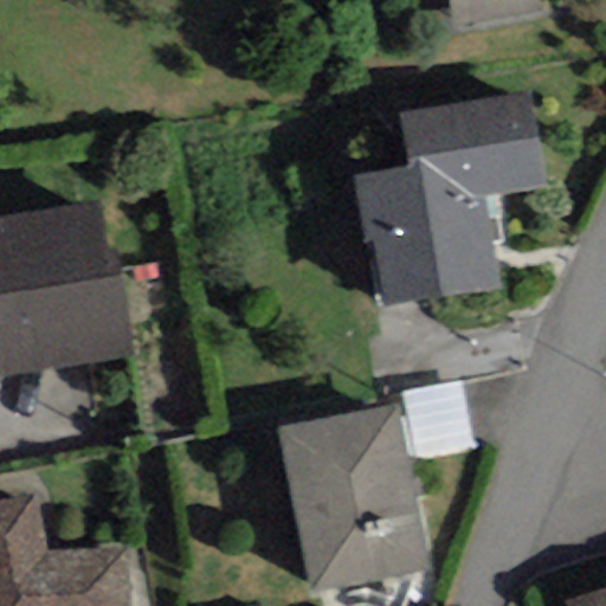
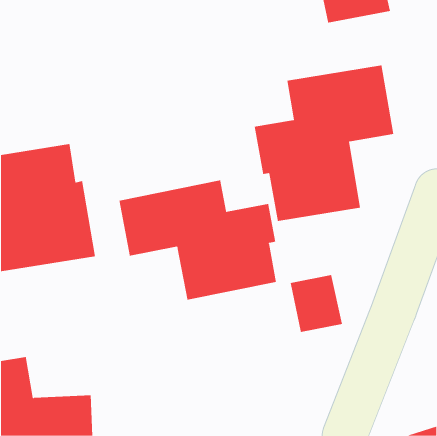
building: none -> [119,179,277,301]
building: [278,405,430,592] -> none

